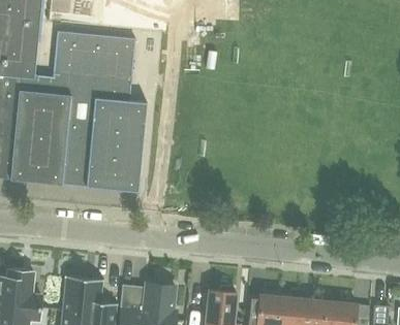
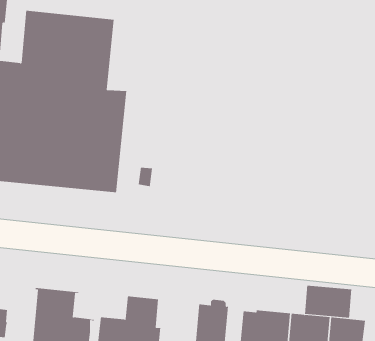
building: none -> [305,285,352,318]

